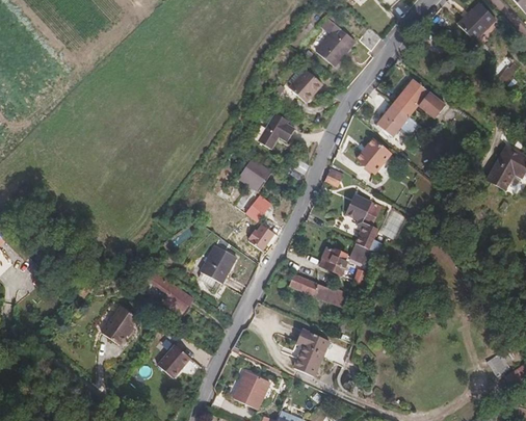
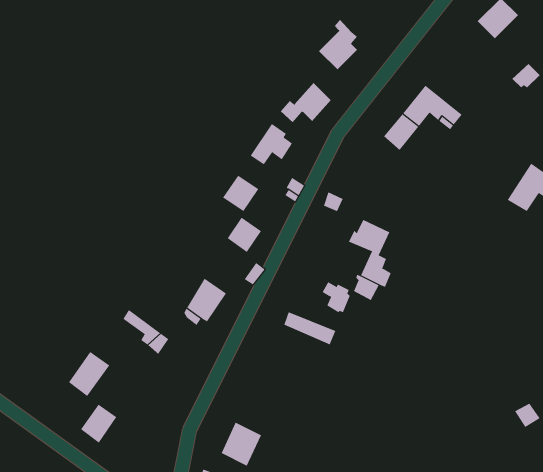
building: [352,137,388,173] -> none
building: [289,330,327,376] -> none
building: [157,345,189,379] -> [80,404,117,443]

